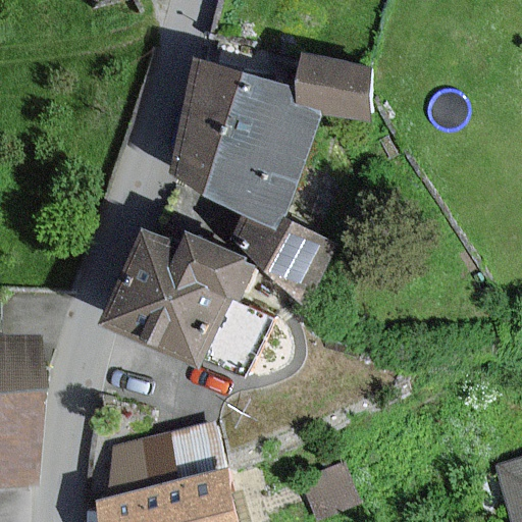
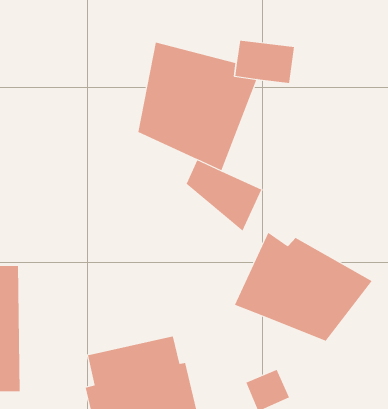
building: [103,229,251,358] -> none
building: none -> [234,232,372,342]

